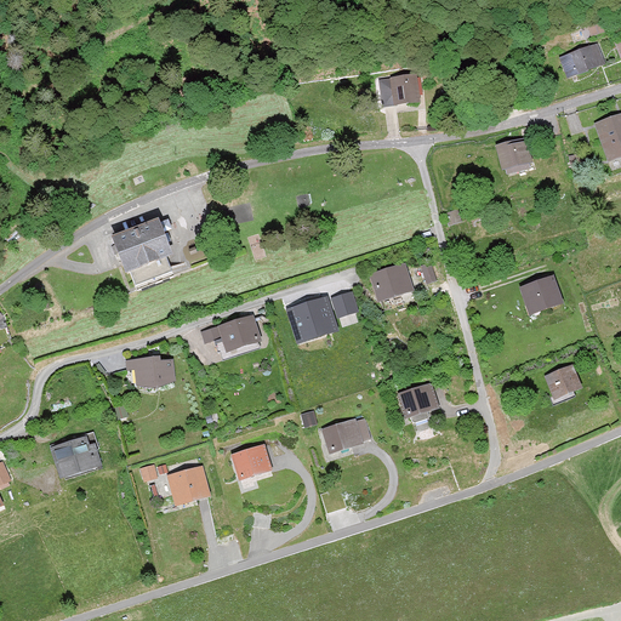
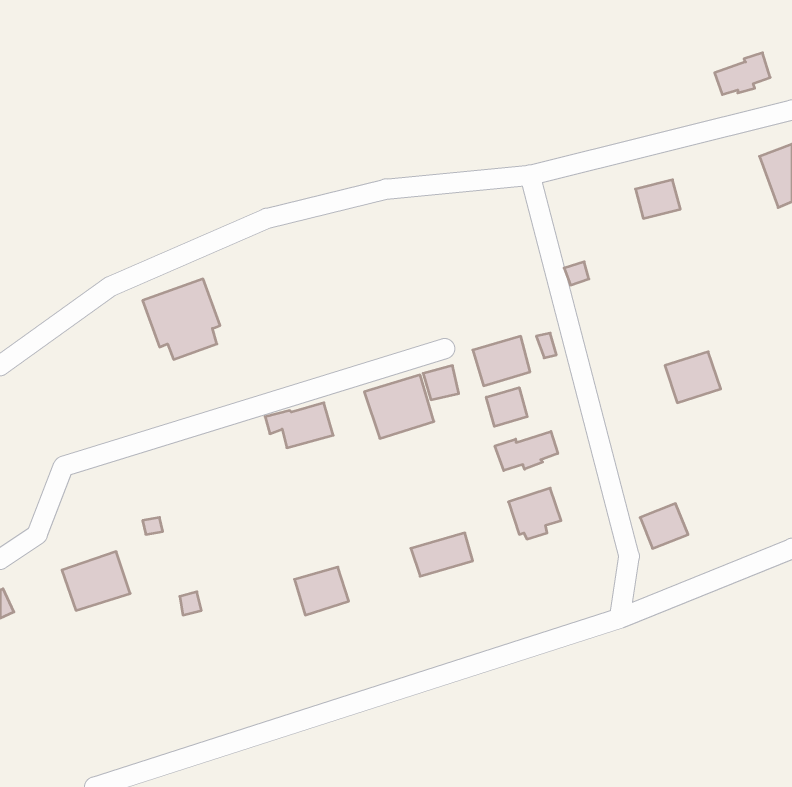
building: [381,78,418,106] -> none
building: none -> [486,388,527,426]
building: none -> [495,431,558,471]
building: [126,357,173,389] -> none
building: [545,365,582,400] -> [640,504,688,548]
building: [166,466,210,506] -> none

